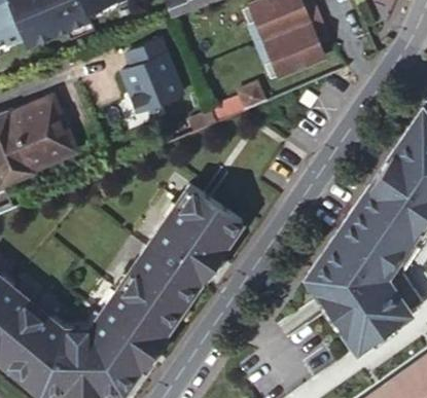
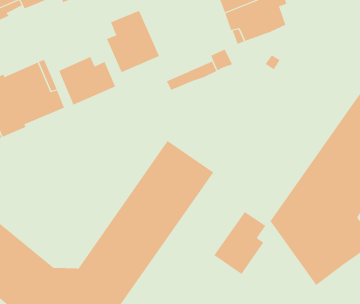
building: none -> [59,56,116,105]
building: none -> [213,211,266,275]

